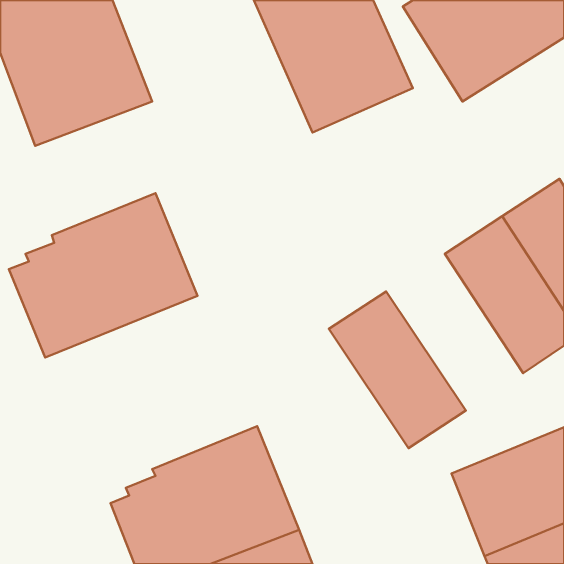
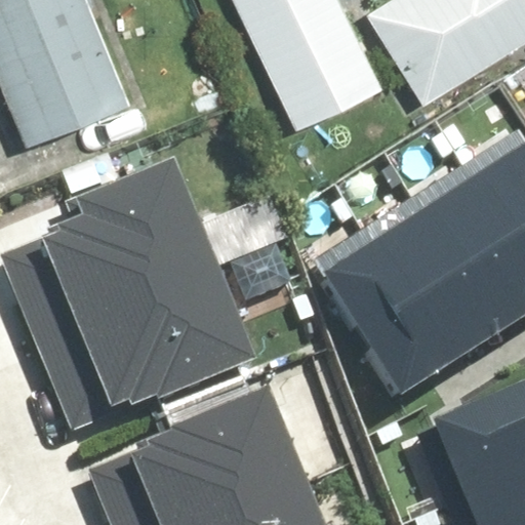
building: none -> [359,236,486,381]
building: none -> [42,275,223,413]

